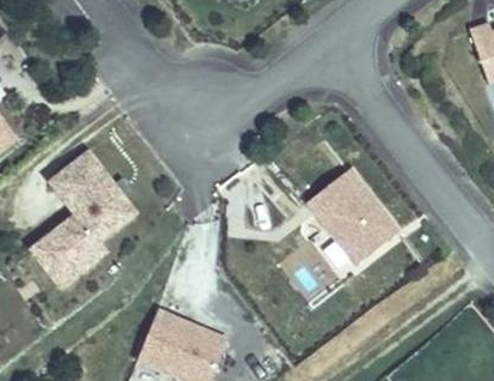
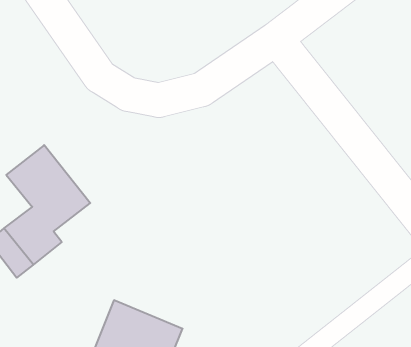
building: [305,170,397,266] -> none

